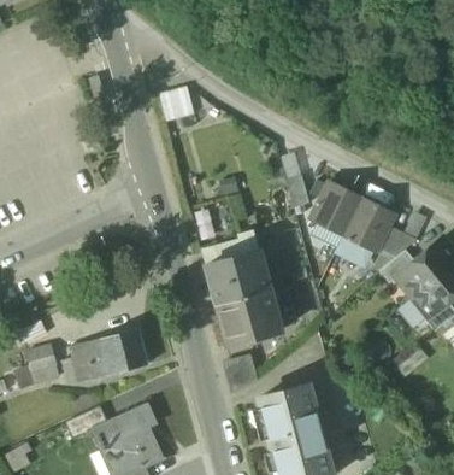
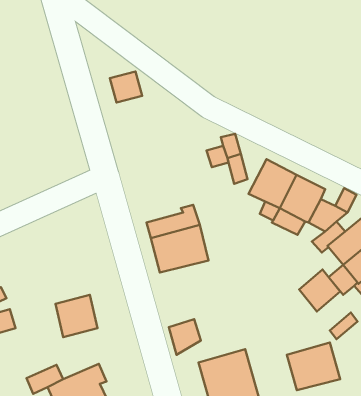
building: [216,293,279,347] -> none
building: none -> [299,270,340,311]
building: [63,340,111,387] -> none
building: none -> [287,343,340,390]

